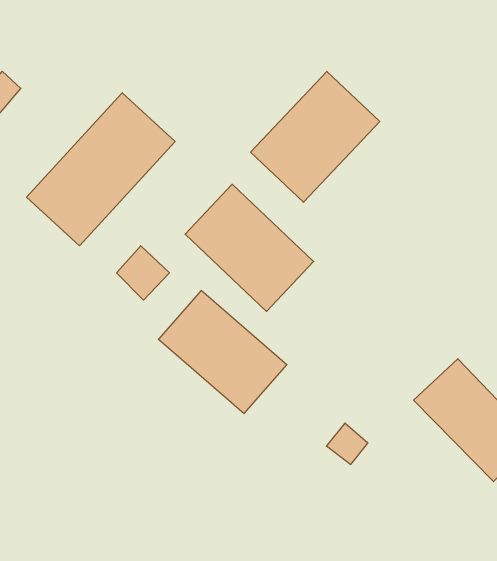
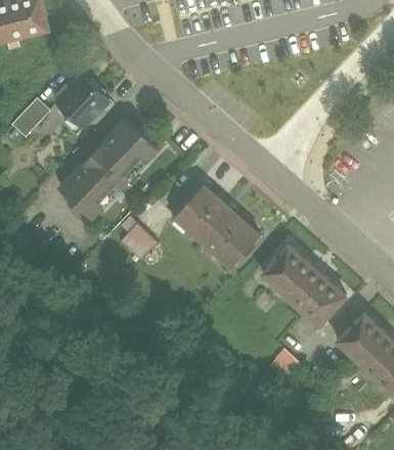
building: none -> [54,75,111,138]
building: [251,71,380,202] -> none
building: [158,290,287,413] -> [258,237,350,325]

